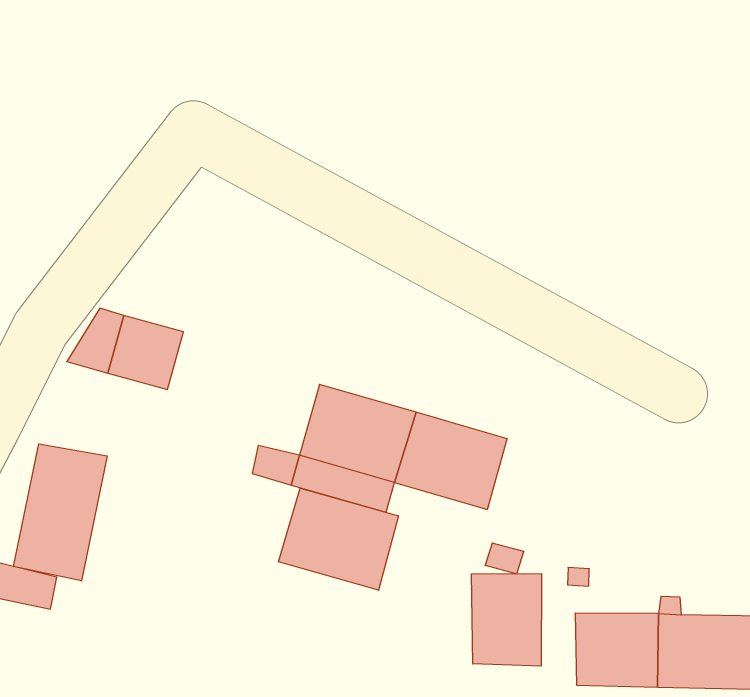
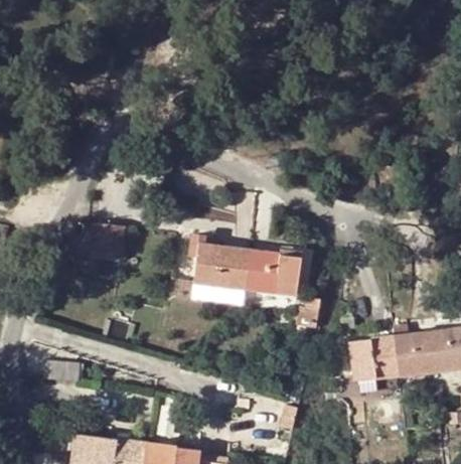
building: [14,444,107,581] -> none
building: [279,488,398,590] -> none
building: [472,574,542,666] -> none

